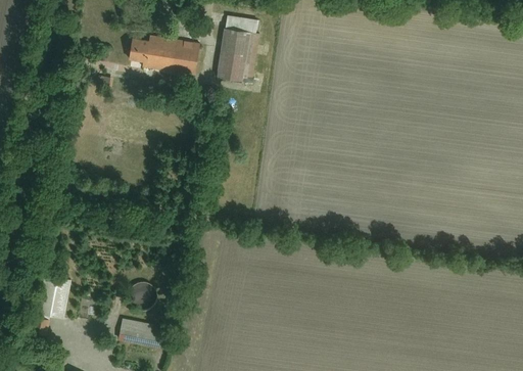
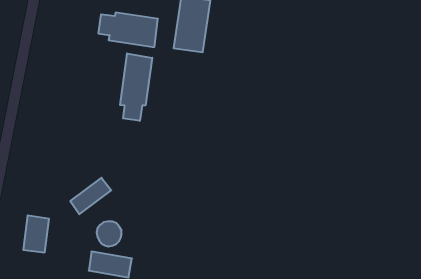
building: none -> [120,53,152,121]
building: none -> [70,178,111,214]

